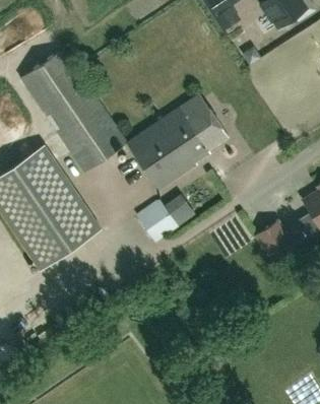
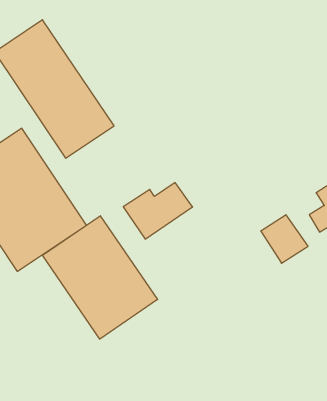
building: [126,94,228,191] -> none
building: none -> [43,216,158,339]

